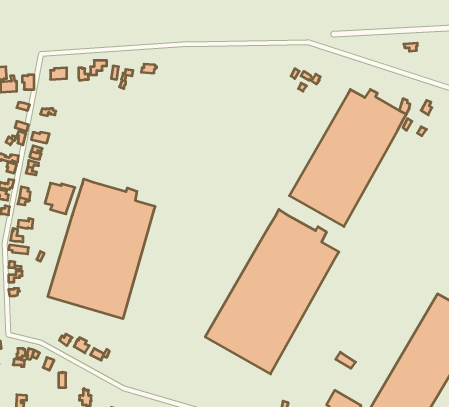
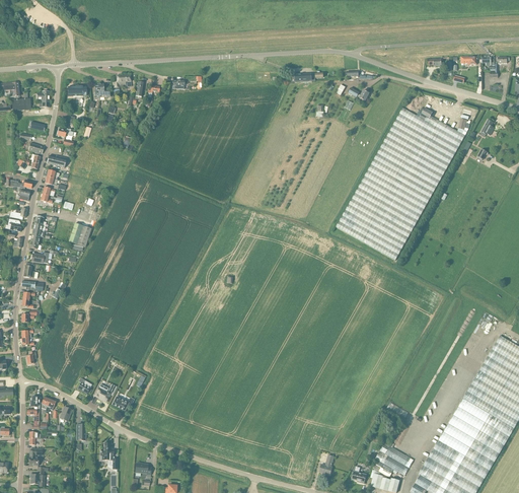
building: [48,179,155,319] -> none
building: [205,209,339,374] -> none

